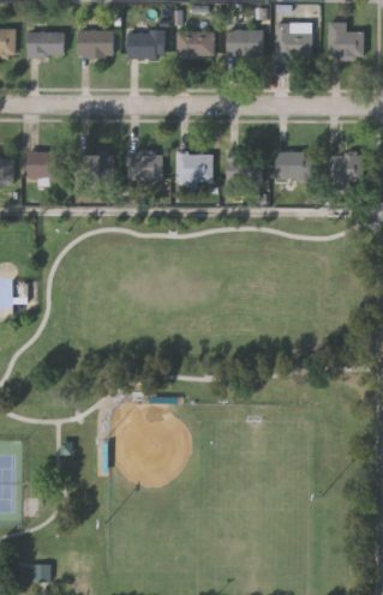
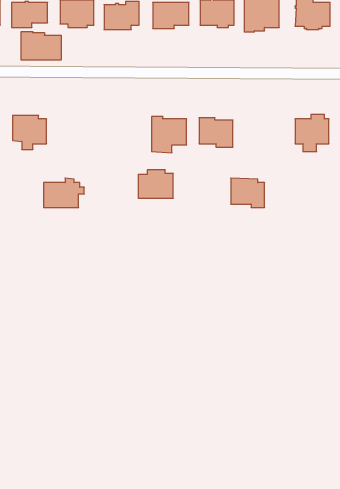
building: none -> [21,32,61,60]
building: [77,148,120,179] -> [44,178,84,208]
building: [125,150,162,180] -> [138,170,173,198]
building: [275,150,311,181] -> [231,178,265,207]

